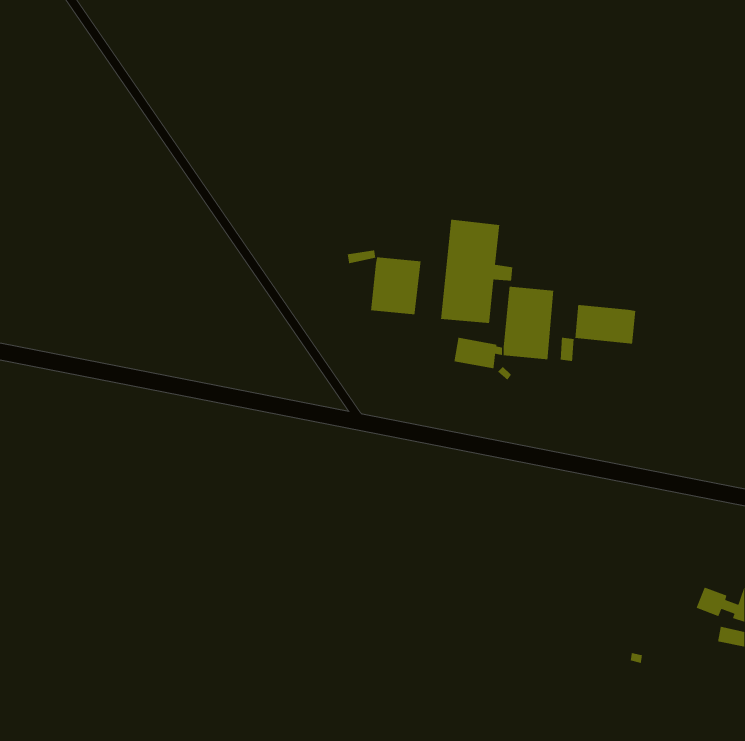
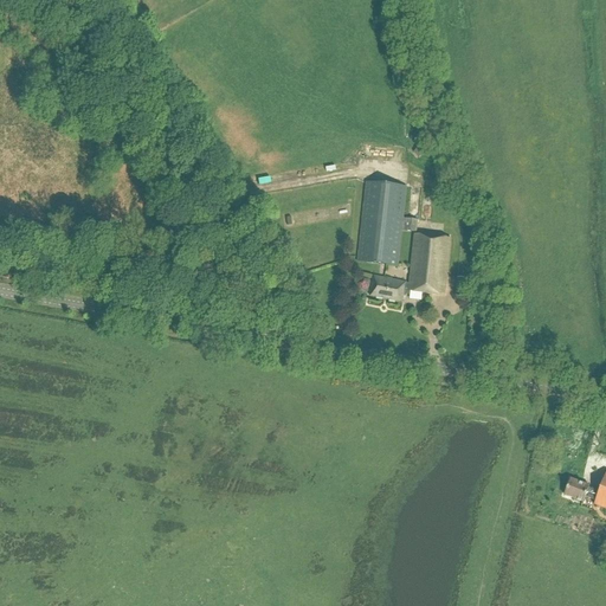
building: [370,256,422,315] -> none
building: [574,304,636,345] -> none

